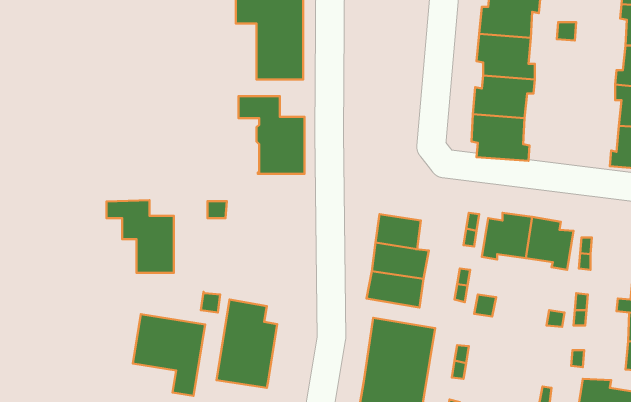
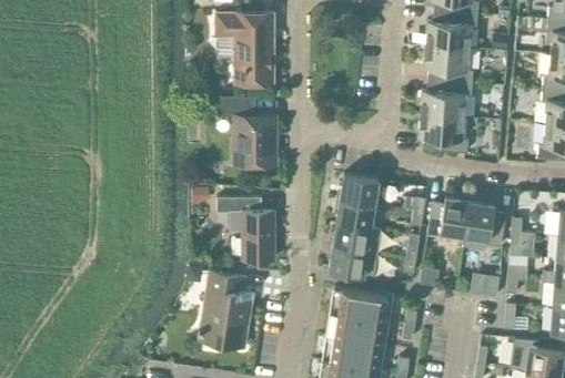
building: none -> [340,174,379,204]
building: [107,200,174,273] -> [216,197,274,259]
building: [133,314,205,396] -> none

